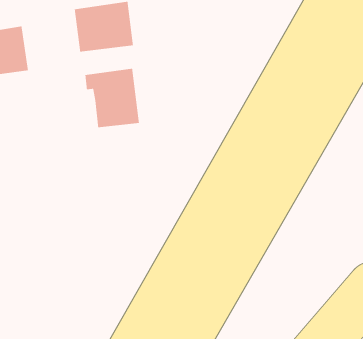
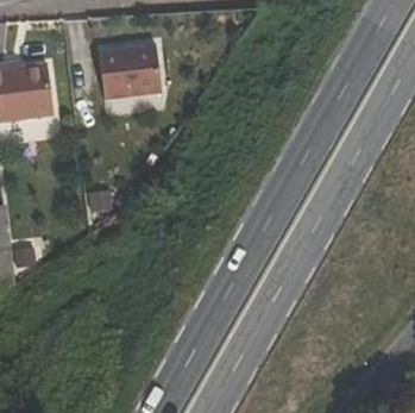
building: [84,68,140,128] -> none

